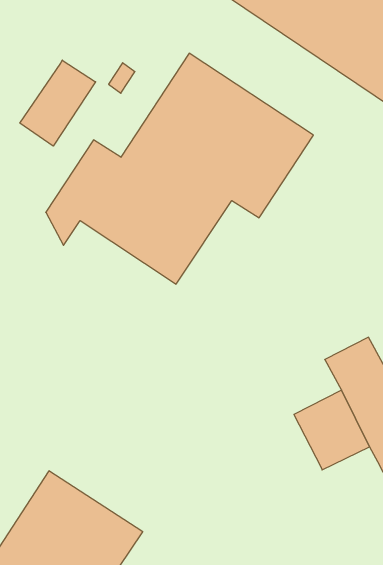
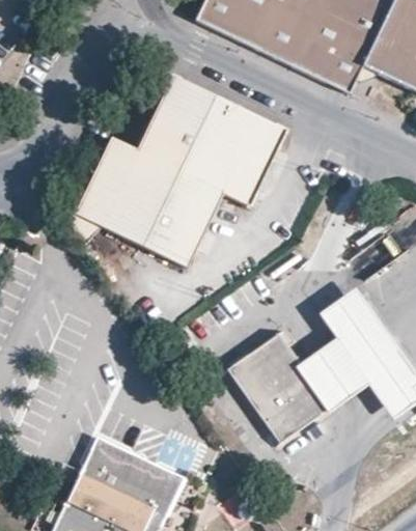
building: [20,60,96,146] -> none
building: none -> [230,333,330,439]

